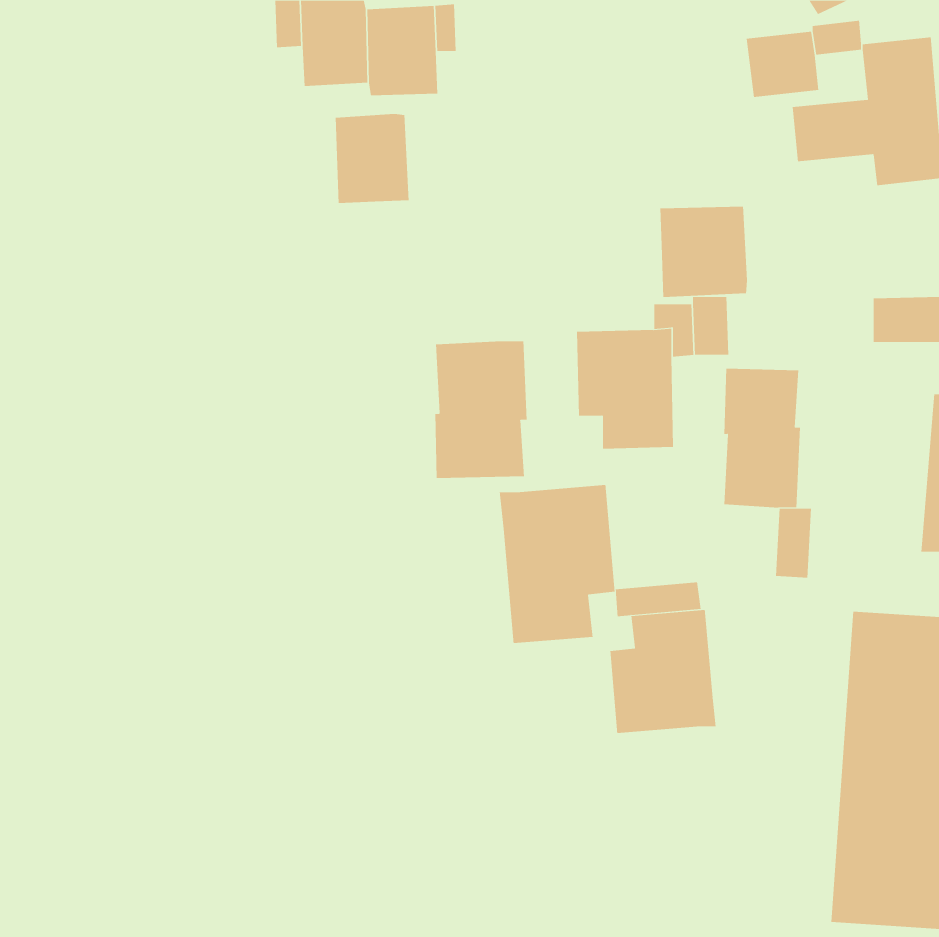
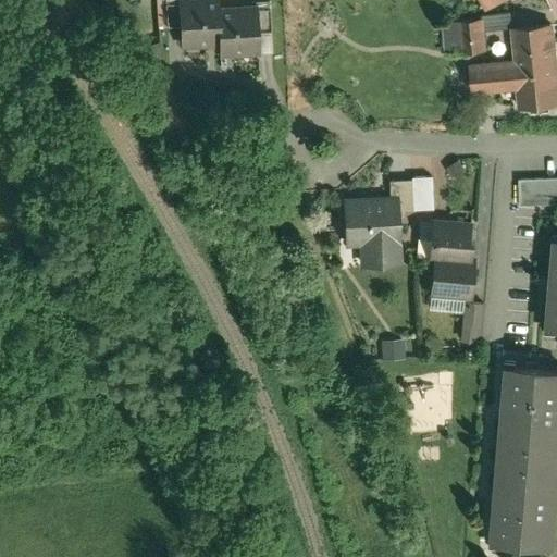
building: [335,113,409,204] -> none
building: [660,206,748,298] -> none
building: [435,340,527,479] -> none
building: [499,484,615,644] -> none
building: [610,609,716,734] -> none

